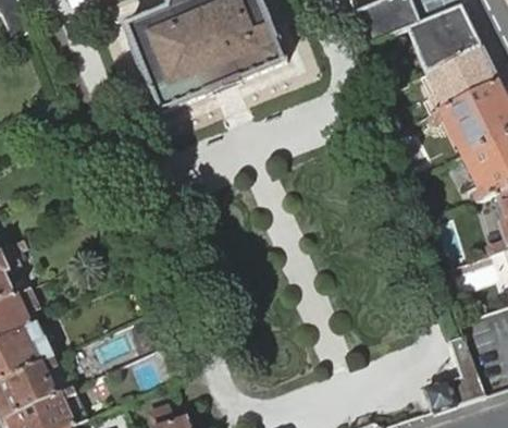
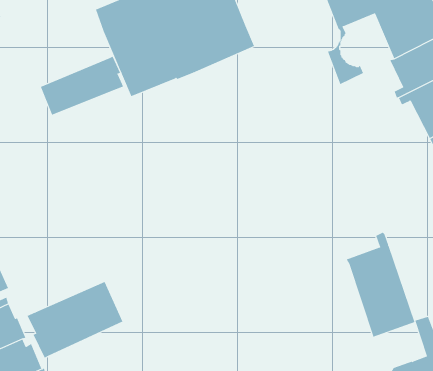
building: none -> [40,56,124,115]
building: none -> [346,232,415,337]
building: none -> [27,281,123,359]

